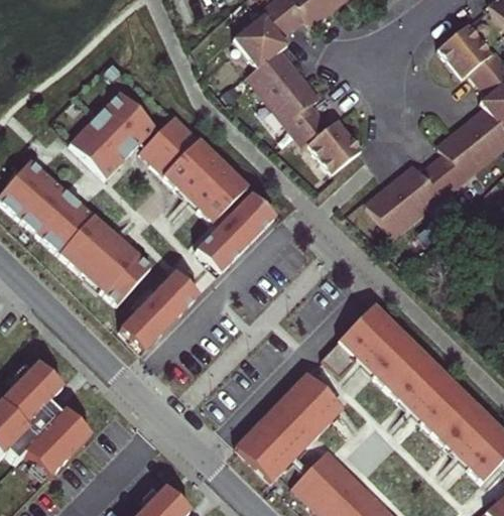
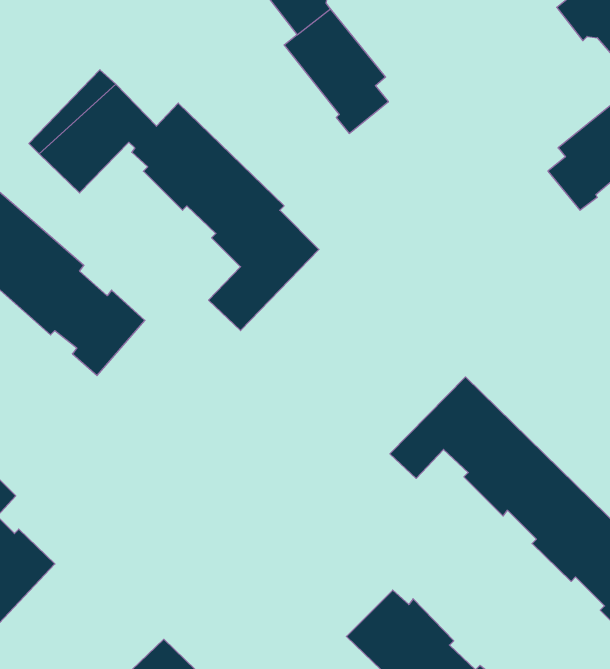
building: [294,113,362,173] -> none
building: [368,161,455,236] -> none
building: [121,272,198,350] -> none
building: [236,373,340,481] -> none

